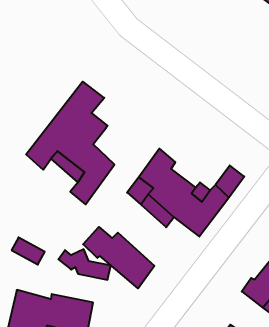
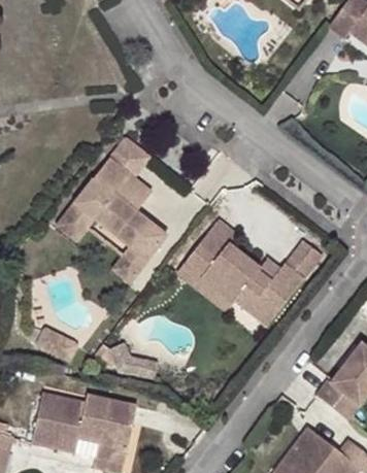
building: [83,227,154,288] -> none

